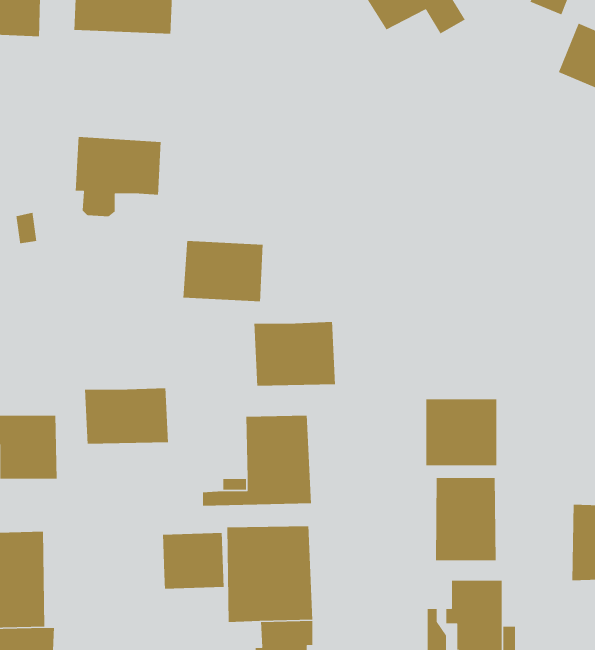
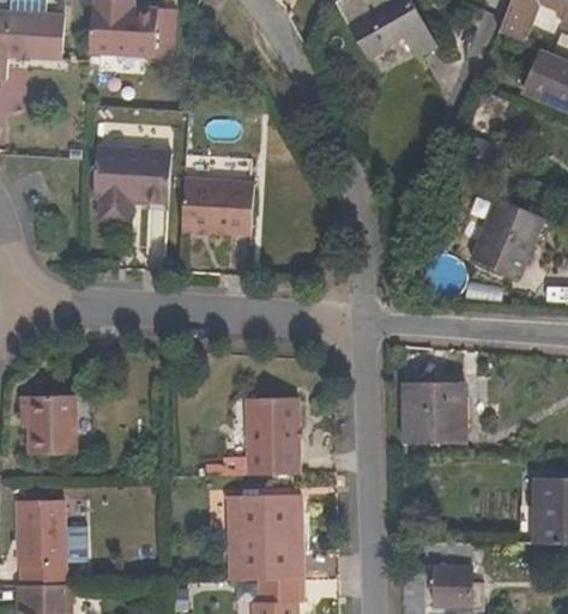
building: none -> [470,198,545,281]
building: [182,240,264,302] -> [182,179,254,234]
building: [254,321,336,387] -> none
building: [84,387,169,445] -> none
building: [435,477,497,561] -> none
building: [162,532,224,589] -> none

